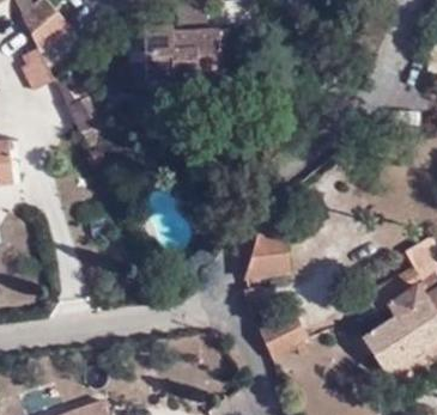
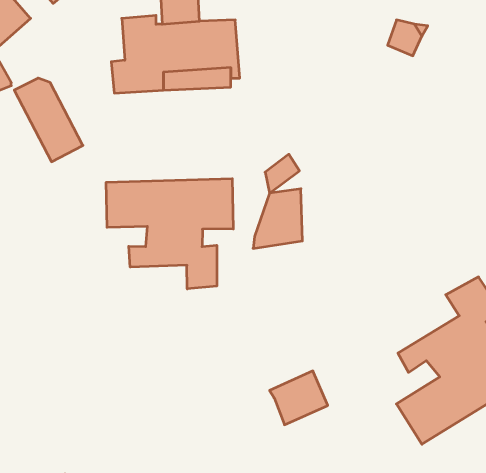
building: none -> [106,179,233,289]
building: [249,232,289,280] -> [253,189,302,248]

